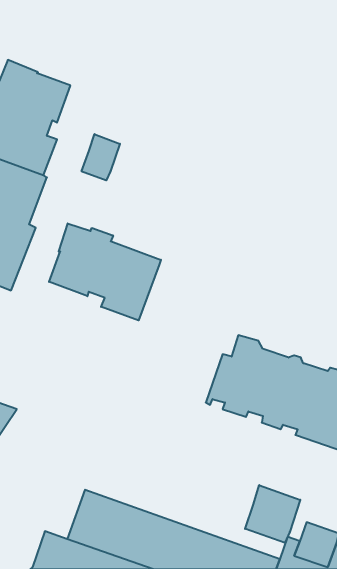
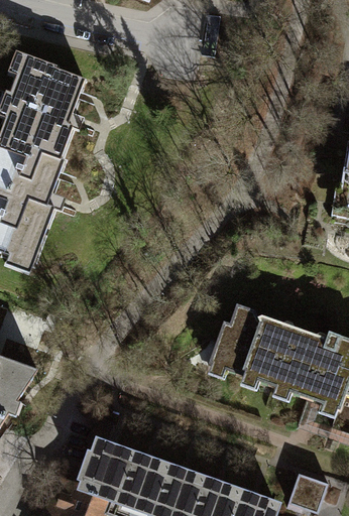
building: [82,134,120,180] -> none
building: [49,223,161,320] -> none
building: [245,485,300,543] -> none

